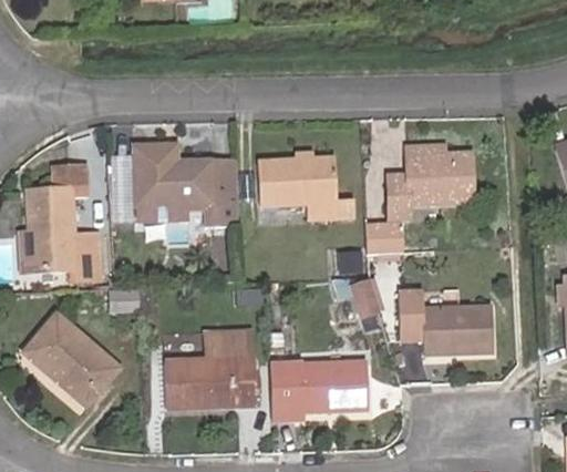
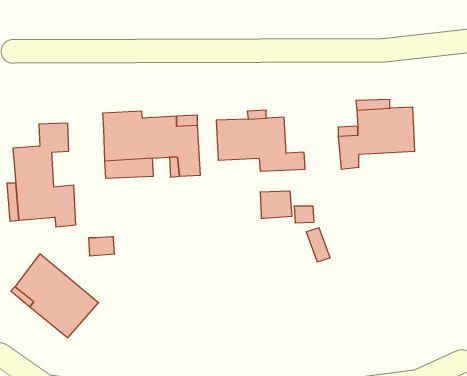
building: [362,223,398,253] -> [260,191,292,218]
building: [402,294,497,355] -> none
building: [165,336,256,409] -> none
building: [269,360,369,423] -> none

